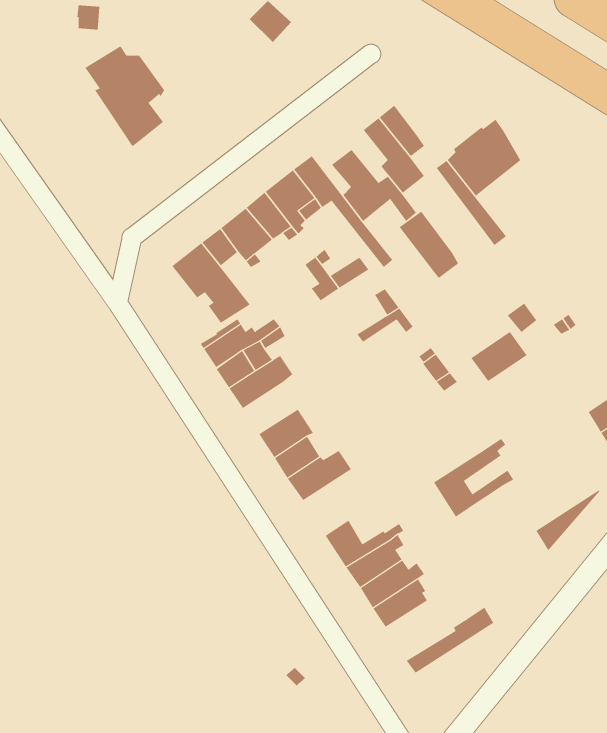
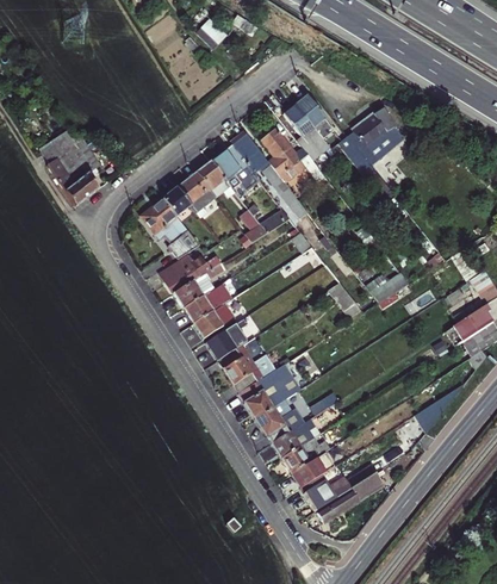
building: [85,46,165,147] -> [39,130,100,206]
building: [399,211,459,279] -> none
building: none -> [193,303,234,337]
building: [433,438,514,517] -> [238,359,299,418]
building: none -> [300,471,361,510]

